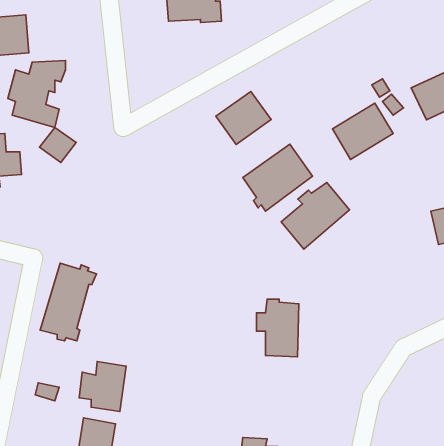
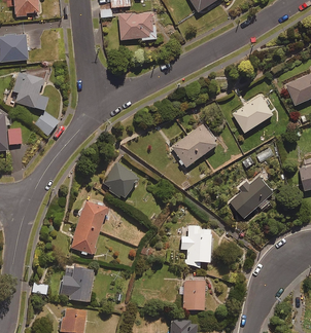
building: [216,91,271,144] -> none
building: [281,182,349,249] -> [229,176,275,221]
building: none -> [100,162,139,200]
building: [40,263,96,341] -> [70,202,108,255]
building: none -> [182,282,204,311]

